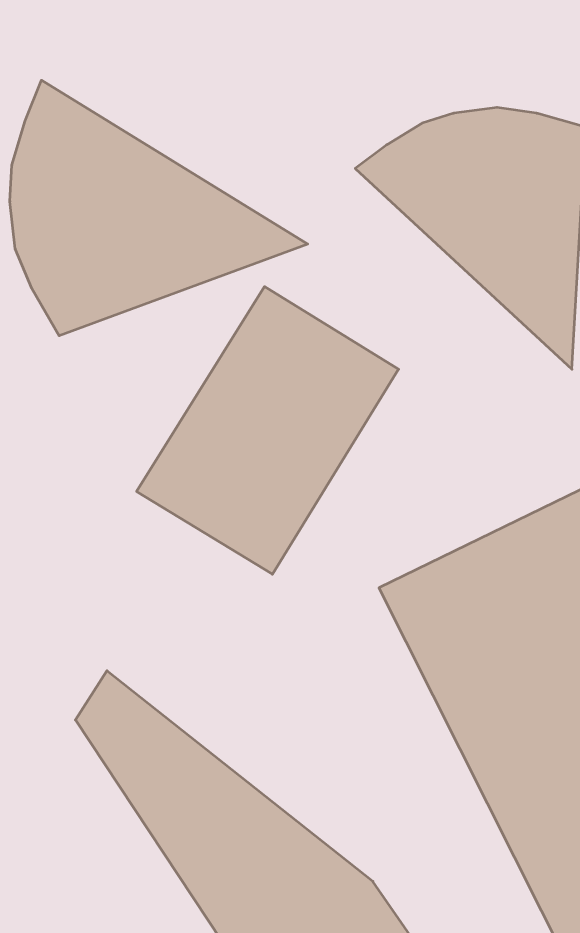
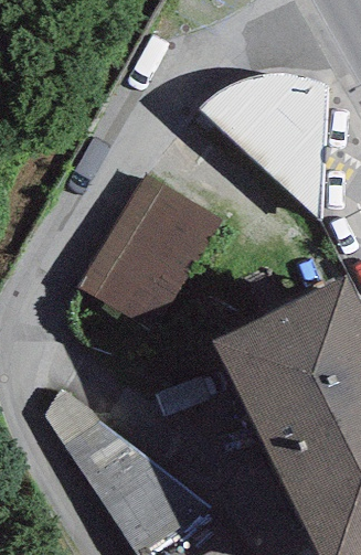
building: [10,80,308,336] -> none

